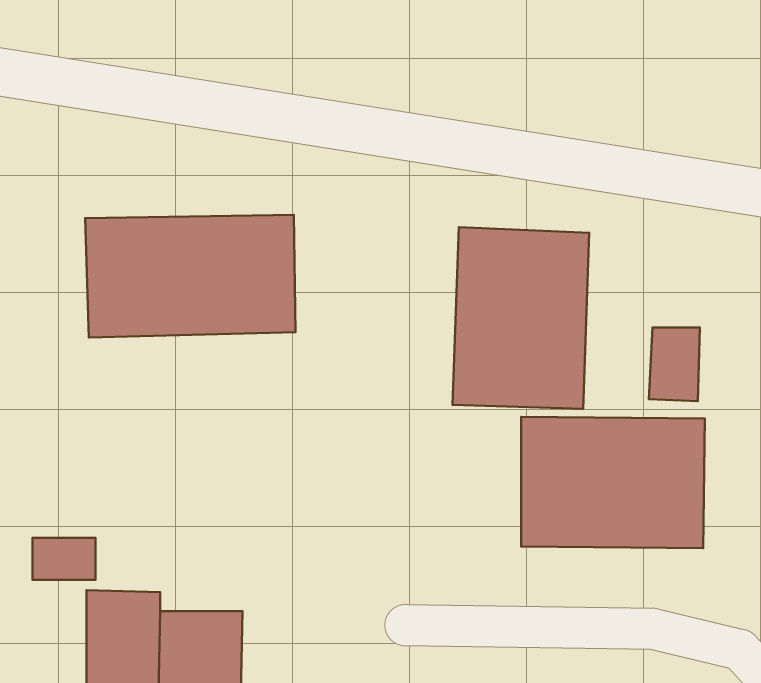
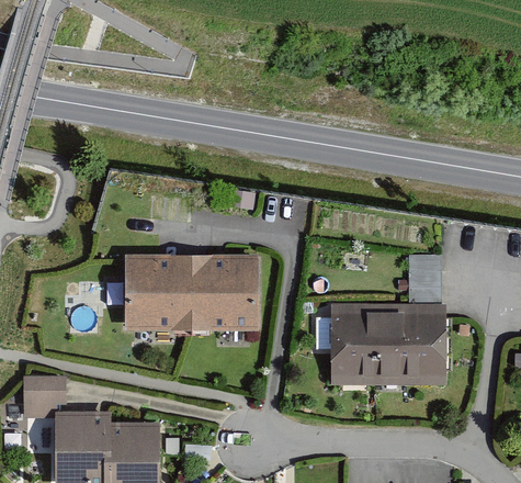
building: [85,215,295,337] -> [127,256,259,333]
building: [452,227,589,409] -> none

